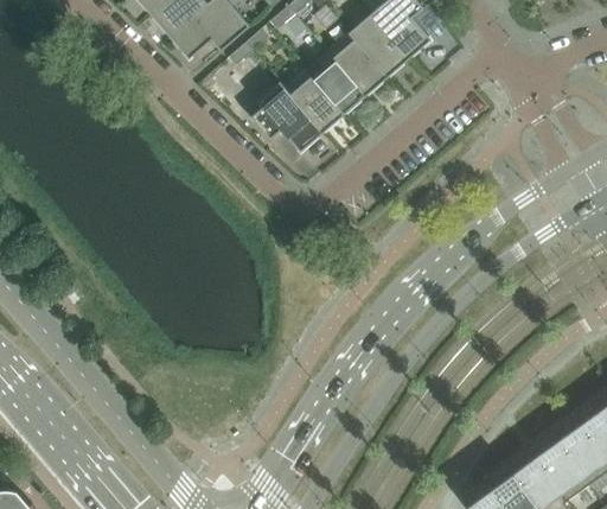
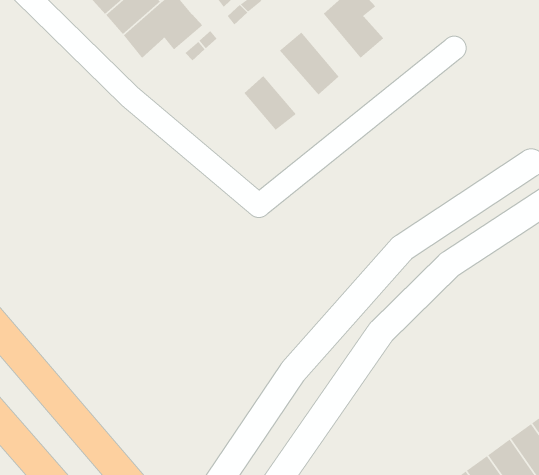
building: [350,14,409,77] -> none
building: [306,51,366,115] -> none
building: [251,81,324,152] -> none

